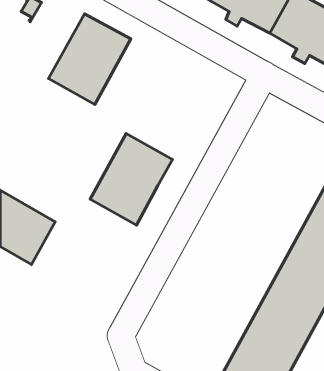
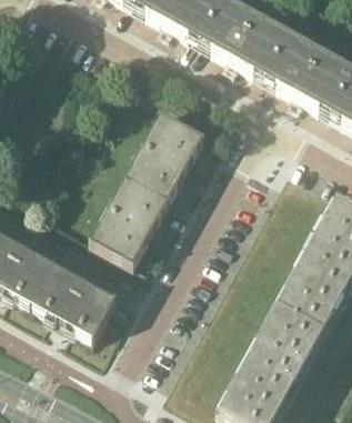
building: [48,14,131,104] -> [125,110,207,199]
building: none -> [32,260,118,336]

